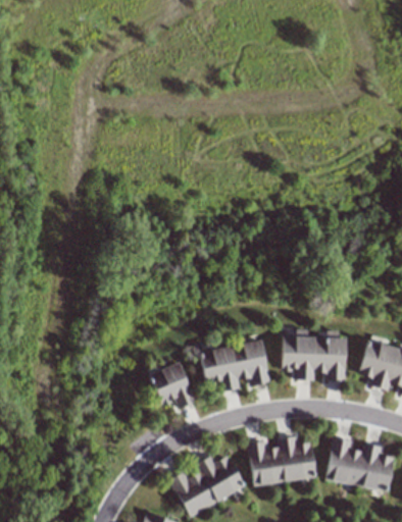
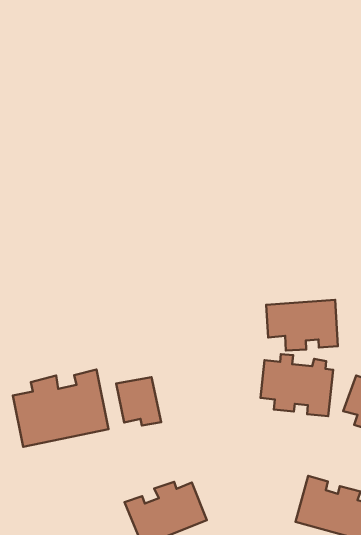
building: [201,341,270,392] -> [266,300,338,351]
building: none -> [13,369,108,447]
building: [250,436,317,485] -> none

